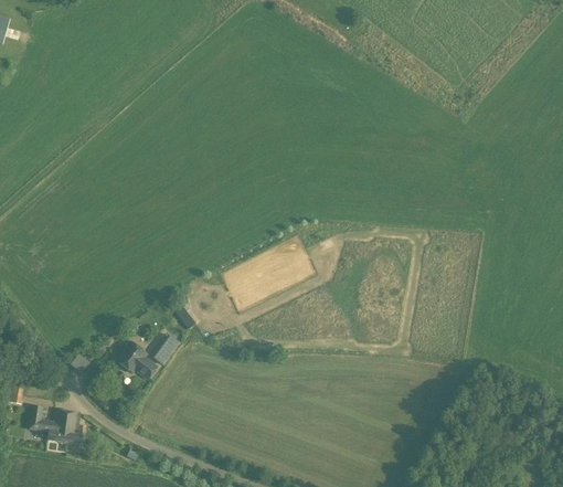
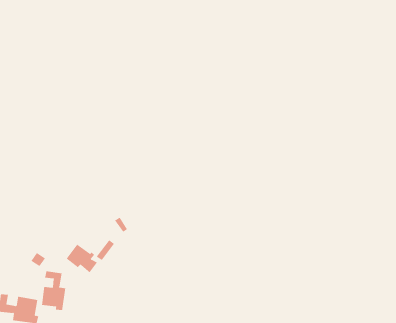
building: none -> [42,270,66,311]

